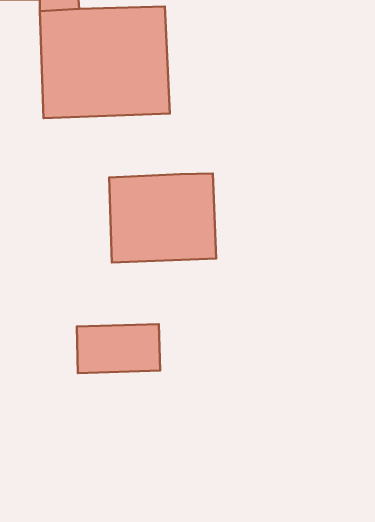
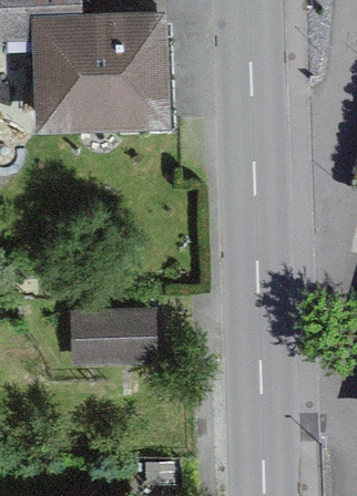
building: [109,174,216,262] -> none

